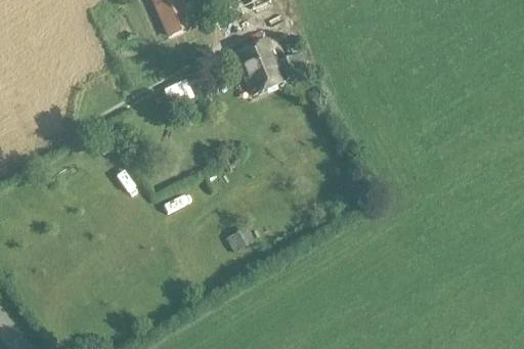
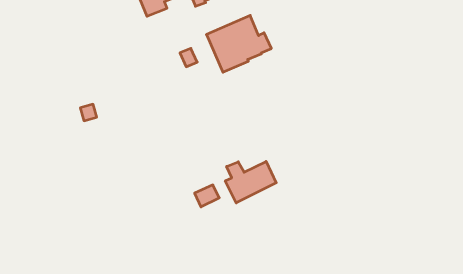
building: none -> [225,161,276,203]

